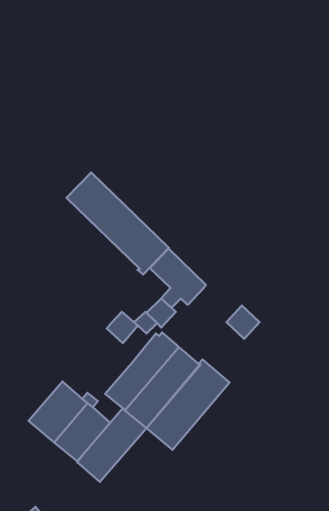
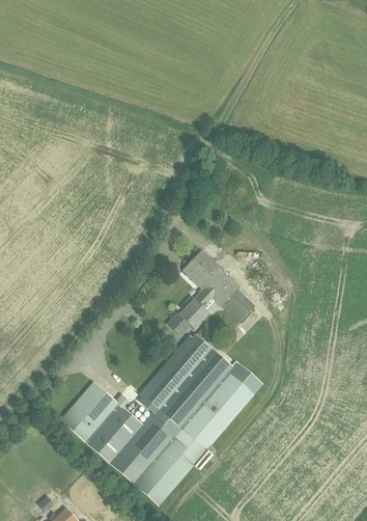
building: [66,172,169,275] -> none
building: [226,306,260,339] -> [220,289,253,322]
building: [107,312,138,343] -> none
building: none -> [132,429,204,504]

